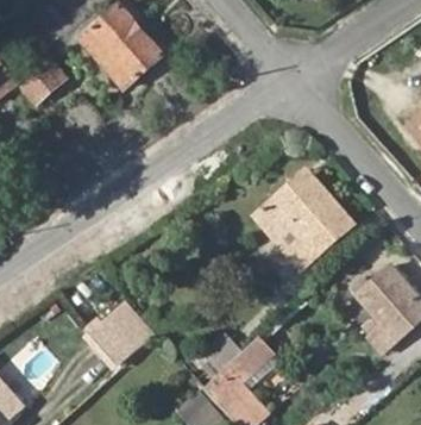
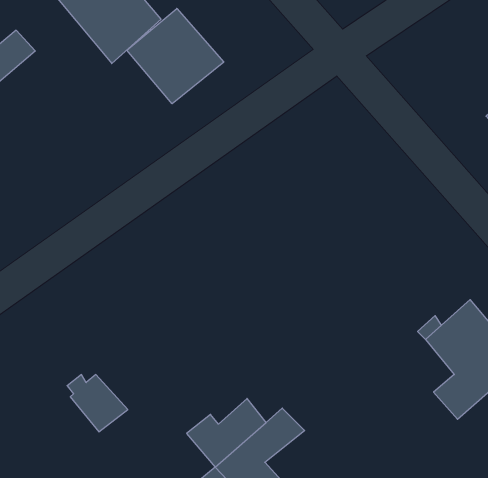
building: none -> [127,8,224,104]
building: [253,169,354,269] -> none

